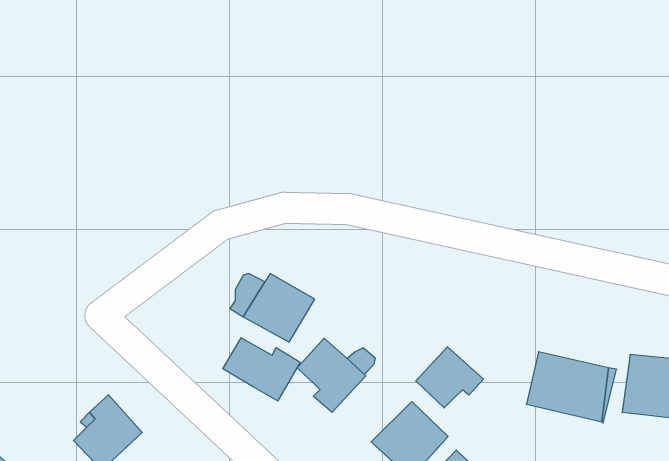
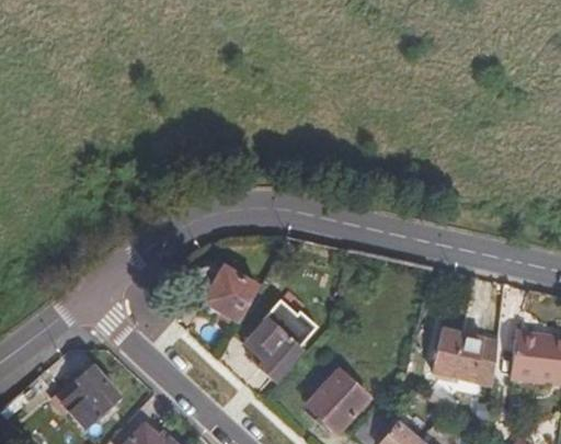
building: [223,338,300,401] -> none
building: [416,347,484,408] -> none

